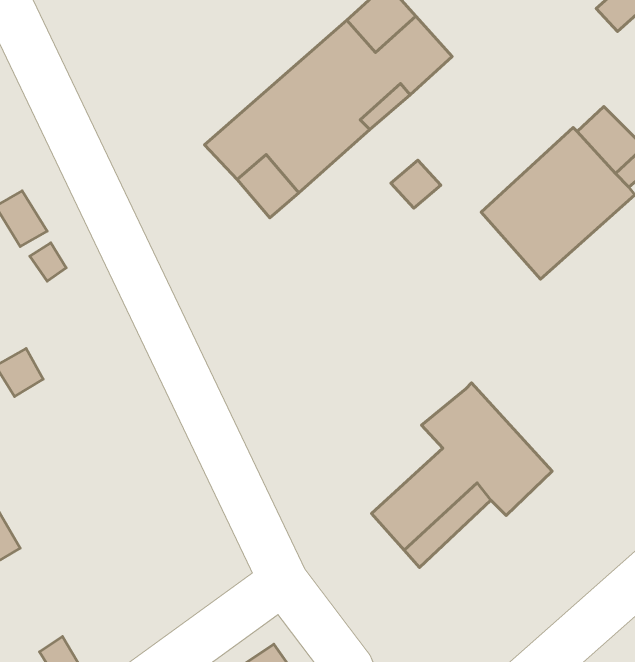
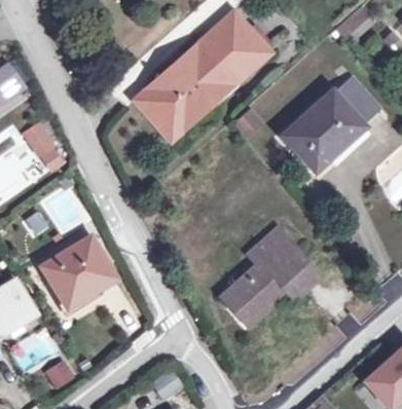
building: none -> [43,238,115,309]

